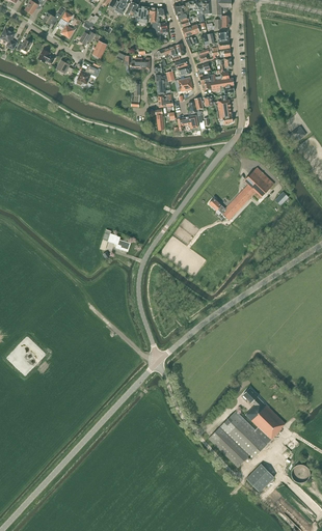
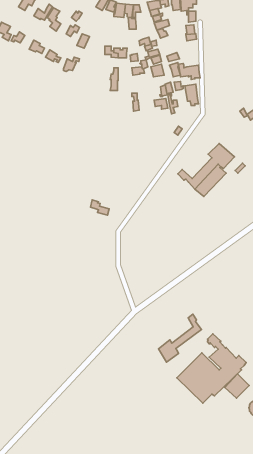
building: none -> [159,314,202,362]
building: [246,463,274,491] -> [225,374,249,398]

